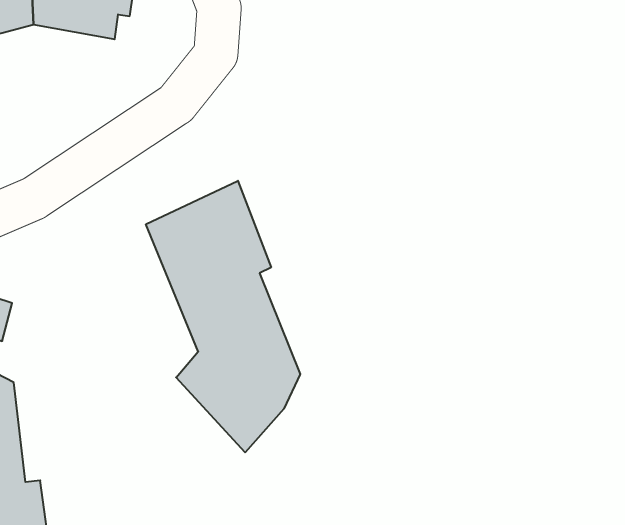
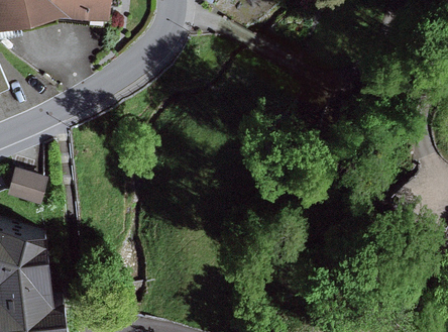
building: [146,181,300,452] -> none

